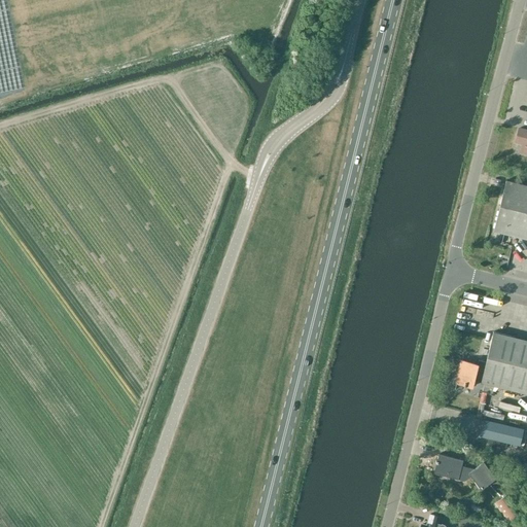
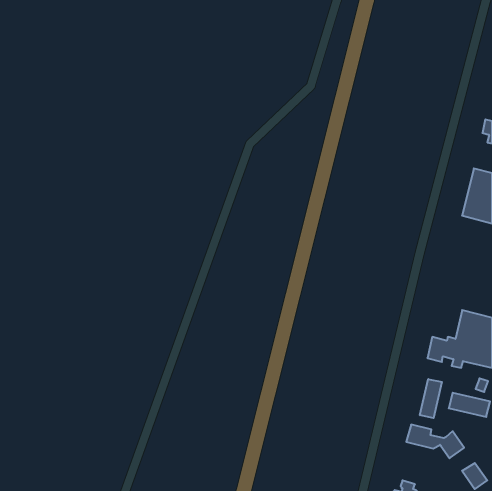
building: none -> [420,379,442,418]

